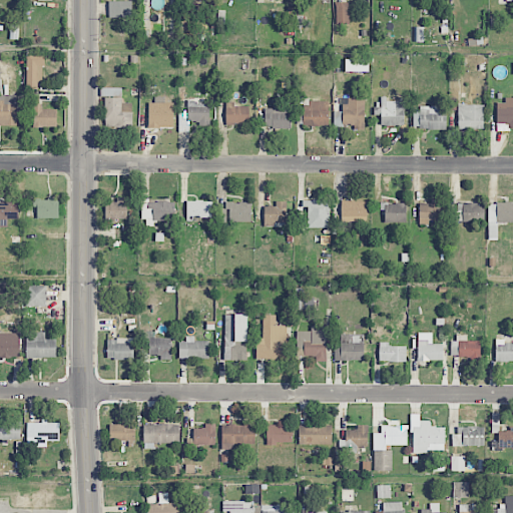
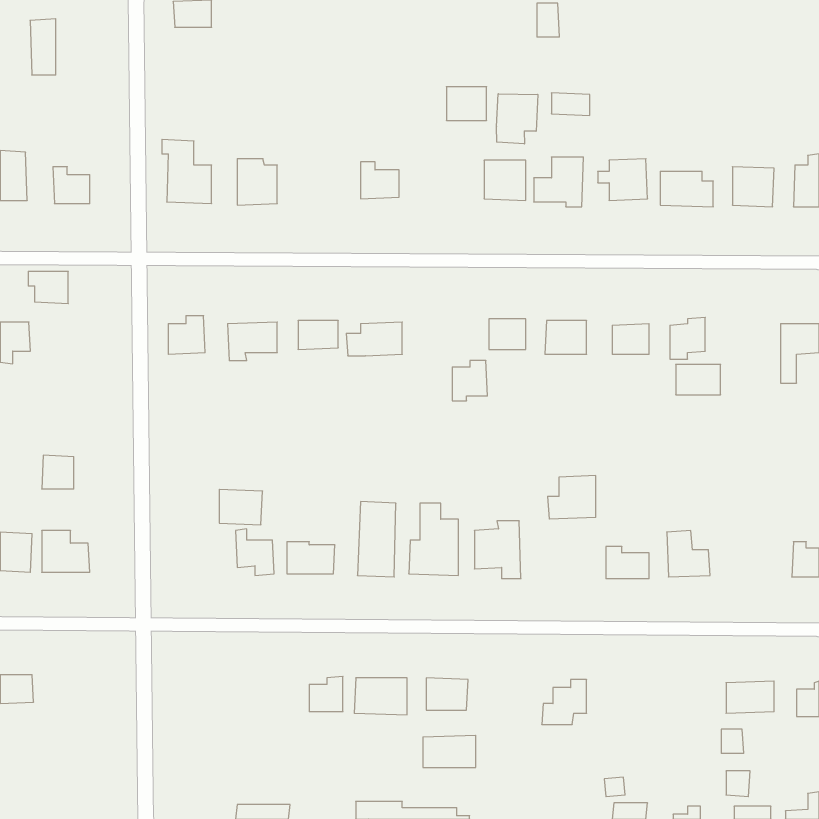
building: [26,54,42,89] -> [30,19,56,75]
building: none -> [497,94,538,144]
building: [187,102,209,126] -> none
building: [265,107,290,128] -> [446,87,487,120]
building: [33,198,58,218] -> [28,271,68,304]
building: [265,201,287,226] -> [452,361,487,401]
building: [456,202,484,221] -> [676,364,721,395]
building: [334,334,364,361] -> [548,476,596,519]
building: [452,335,480,362] -> none
building: [107,338,134,360] -> [219,489,263,525]
building: [413,421,444,452] -> none
building: [27,422,59,441] -> none
building: [109,424,134,441] -> none
building: [143,424,179,449] -> none
building: [299,425,332,445] -> [423,735,476,767]
building: [374,425,407,470] -> none

